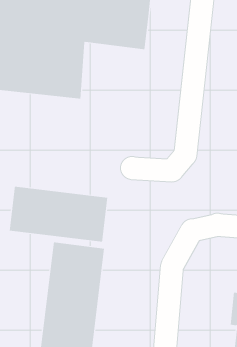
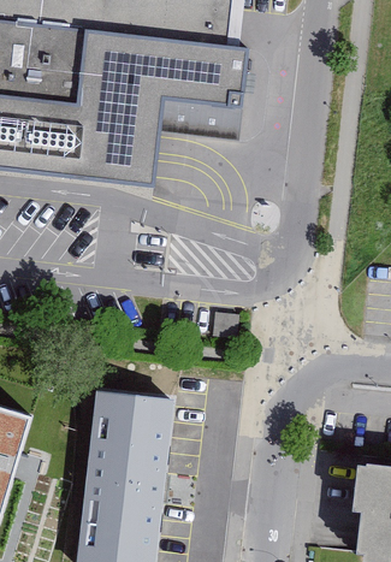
building: [9,186,108,243] -> none

